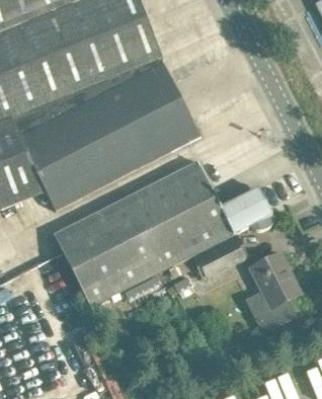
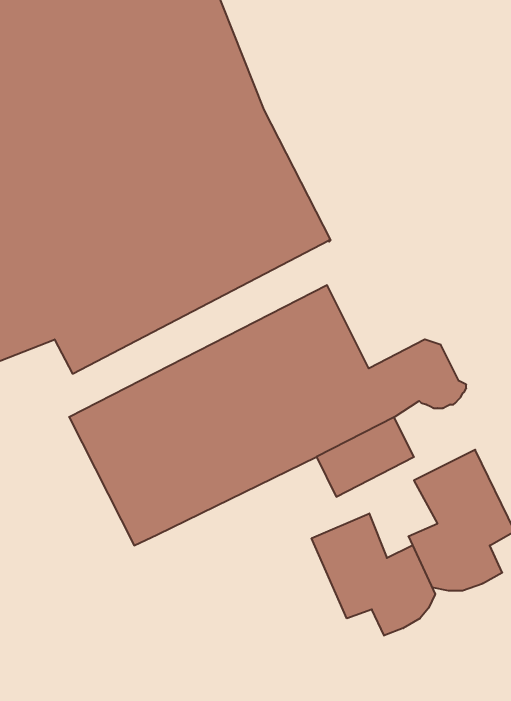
building: none -> [312,513,435,636]

